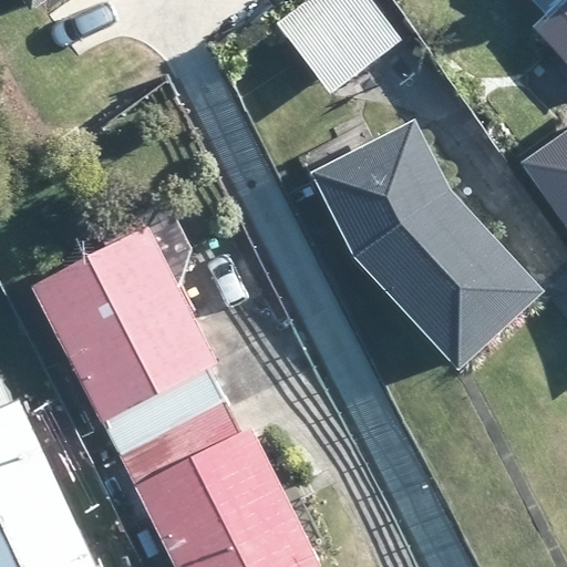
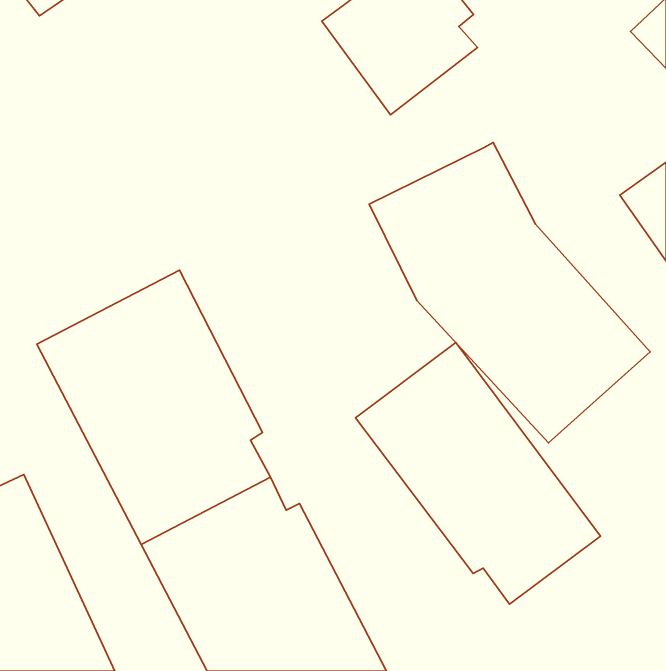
building: none -> [356,343,601,604]

